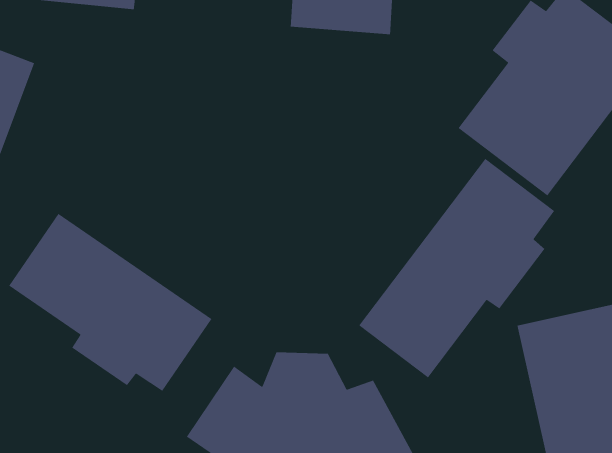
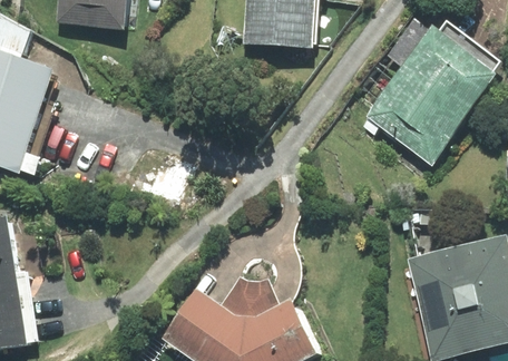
building: [358,158,555,378] -> none
building: [8,213,212,392] -> none

